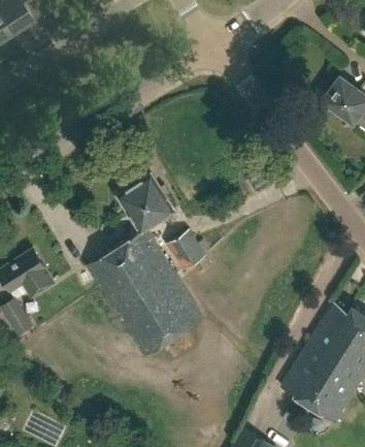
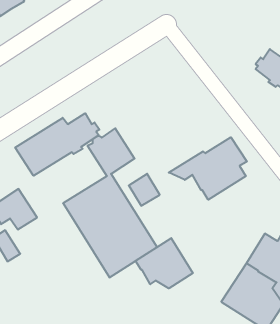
building: none -> [15,113,99,176]
building: none -> [169,137,247,200]
building: none -> [136,238,193,288]

